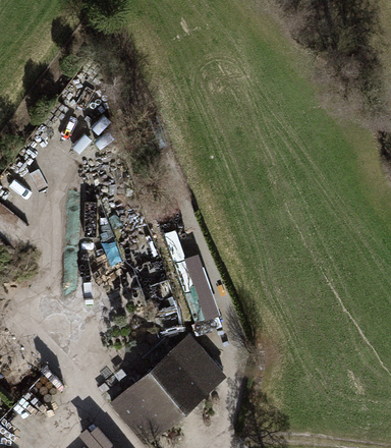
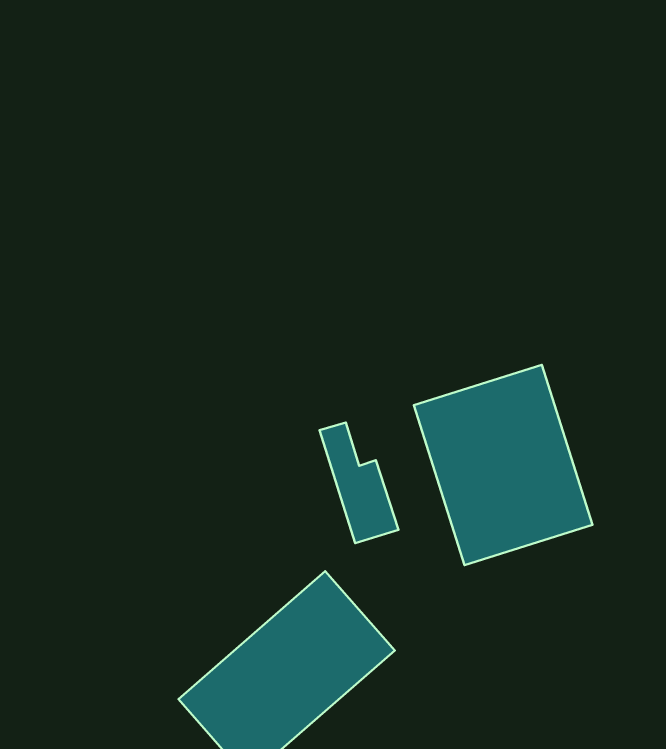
building: none -> [414,365,593,565]

